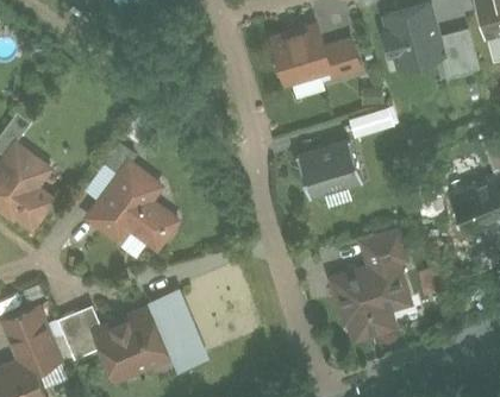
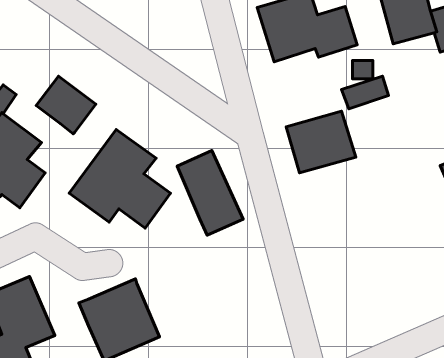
building: none -> [36,76,96,134]
building: [325,227,413,345] -> none
building: [146,292,212,376] -> [177,151,243,235]
building: [56,303,99,360] -> none

